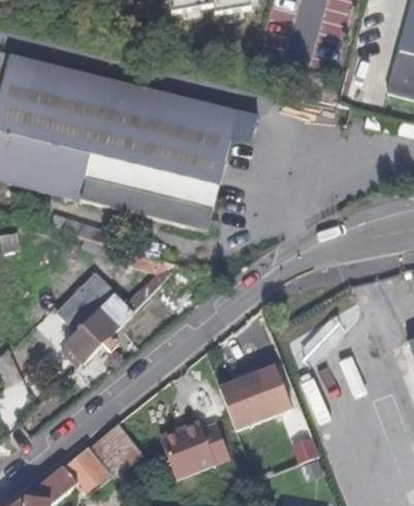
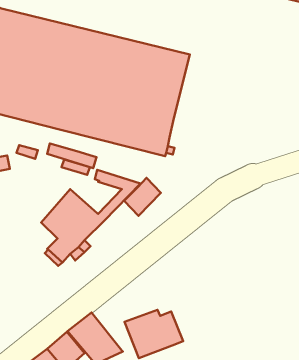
building: none -> [124,178,161,216]
building: [235,364,293,427] -> none

